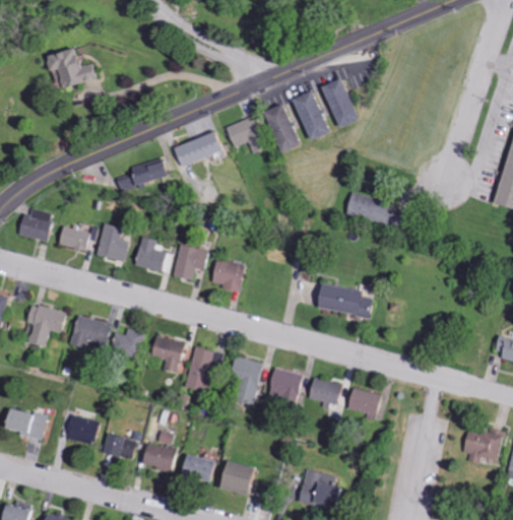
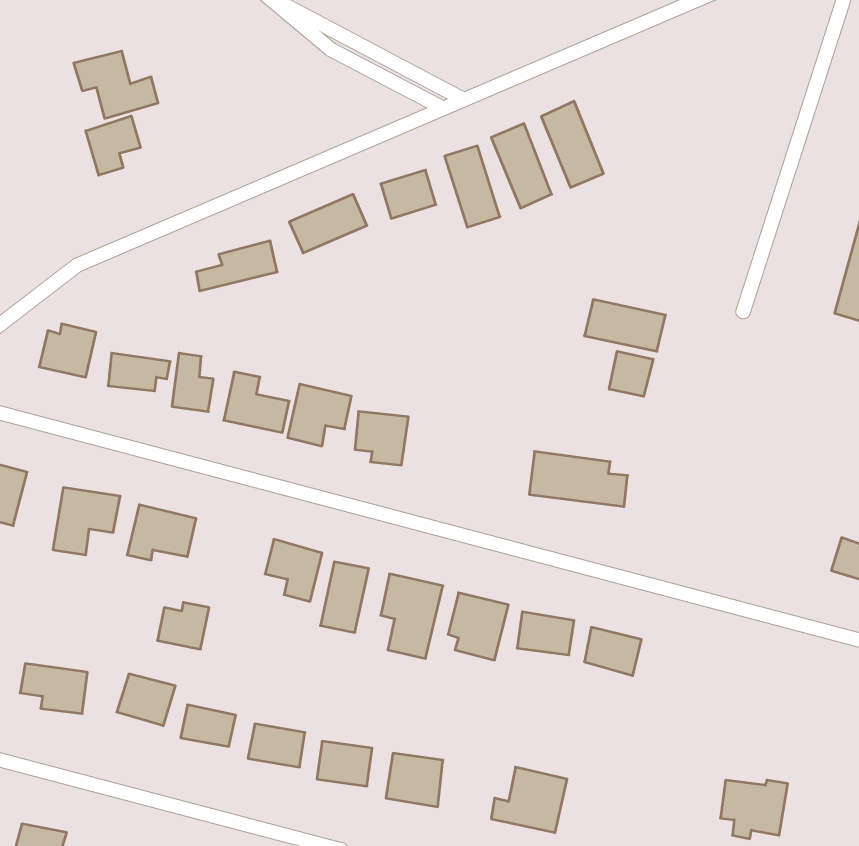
building: none -> [86,116,140,175]
building: none -> [609,351,653,396]
building: [117,328,147,355] -> [157,602,209,649]
building: [462,429,502,463] -> [720,780,788,839]

